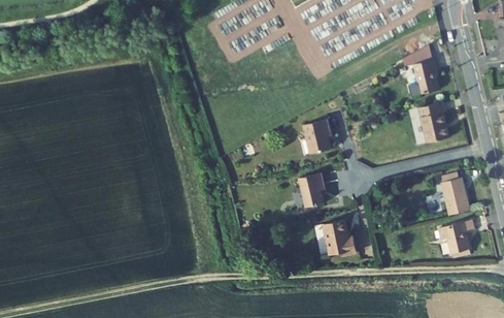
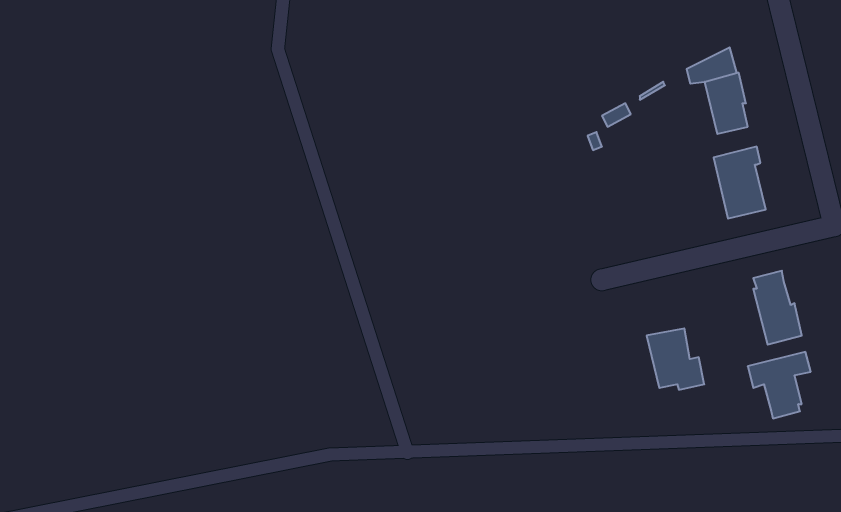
building: [303,119,331,154] -> none
building: [298,172,324,208] -> none
building: [323,220,356,255] -> [647,328,704,390]

